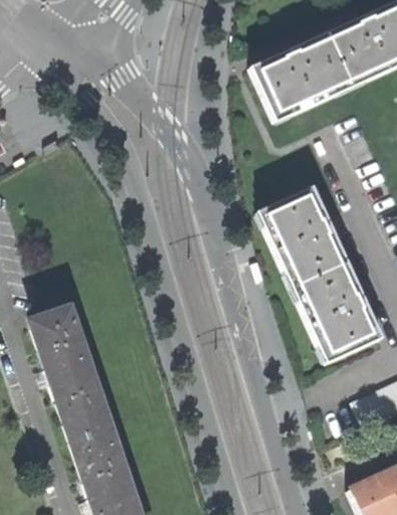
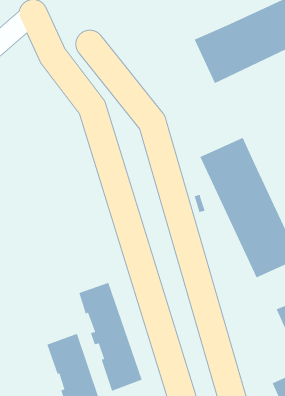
building: [32,308,111,442] -> [79,282,143,391]

